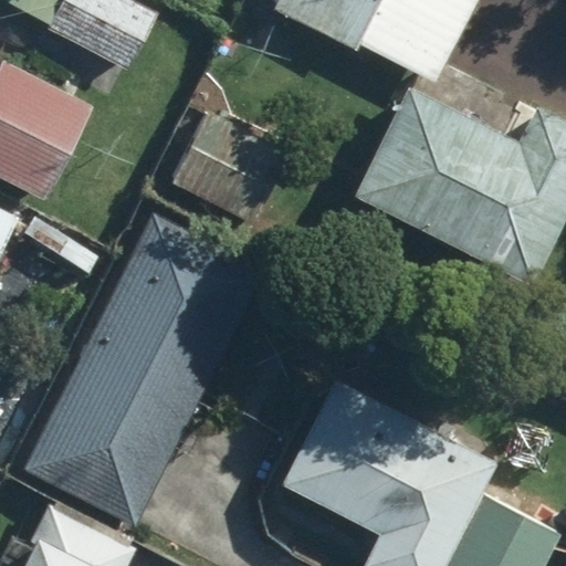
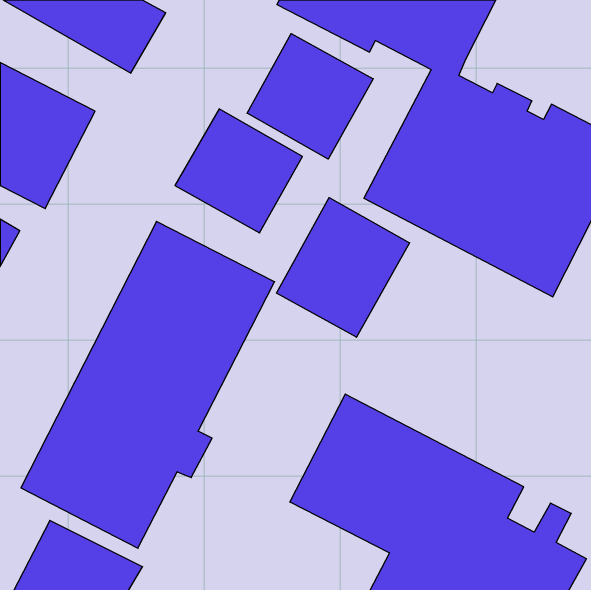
building: none -> [247,34,373,159]
building: none -> [276,198,410,337]

